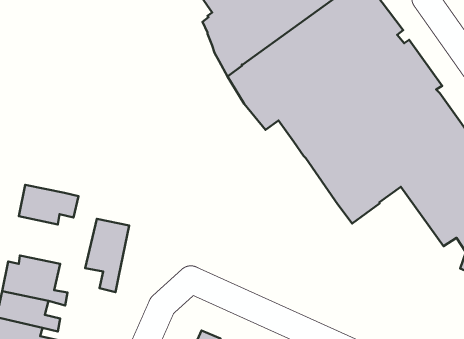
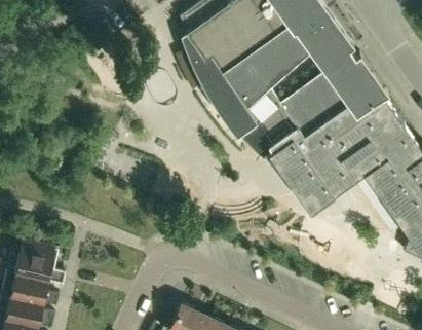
building: [19,185,78,224] -> none
building: [85,219,129,292] -> none

